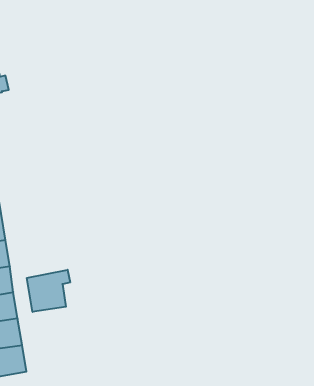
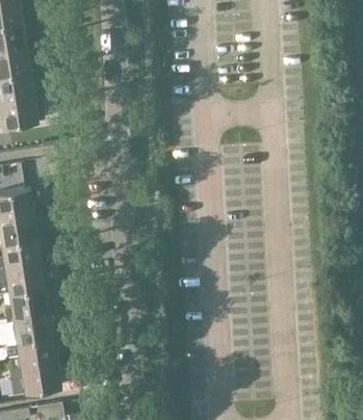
building: [27,270,70,312] -> none

